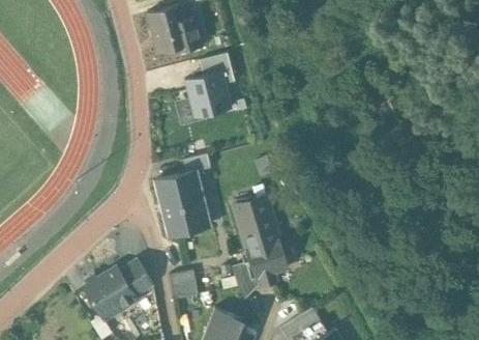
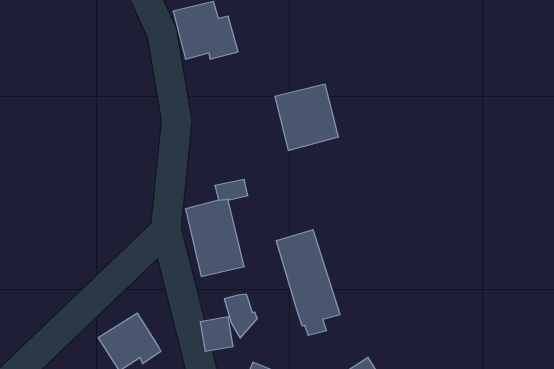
building: [179,67,233,123] -> [275,84,339,150]
building: [119,259,152,295] -> none
building: [232,262,260,300] -> [224,294,257,338]

